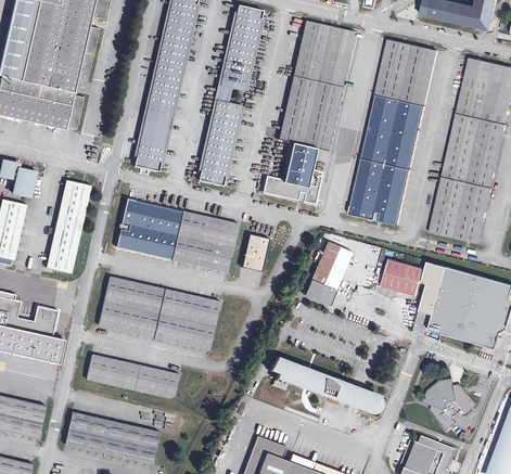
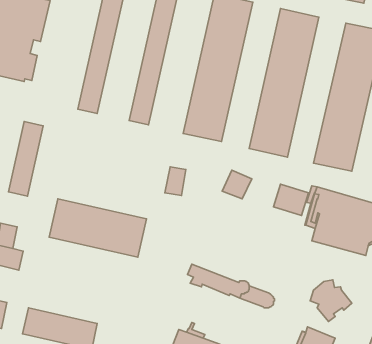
building: [116,198,238,270] -> none
building: [302,266,340,304] -> none
building: [86,354,179,397] -> none

